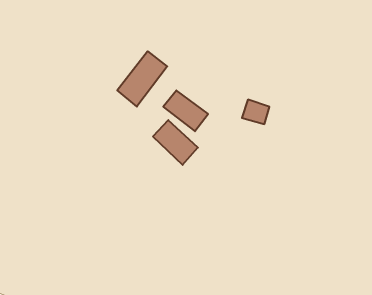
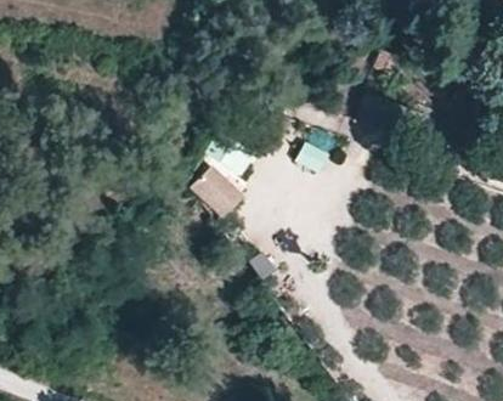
building: [117,51,167,107] -> none

